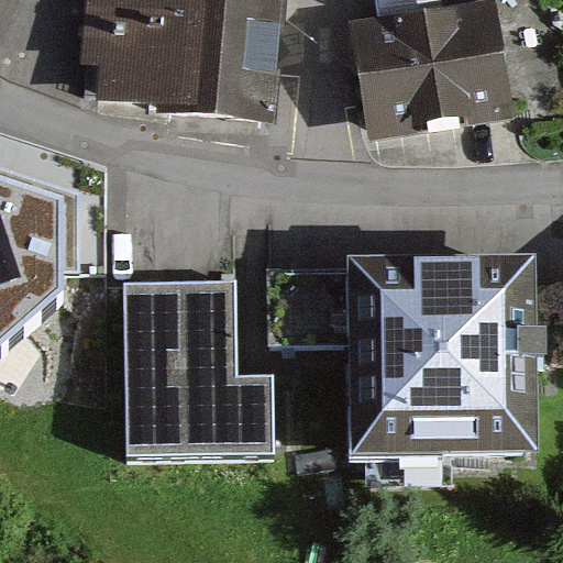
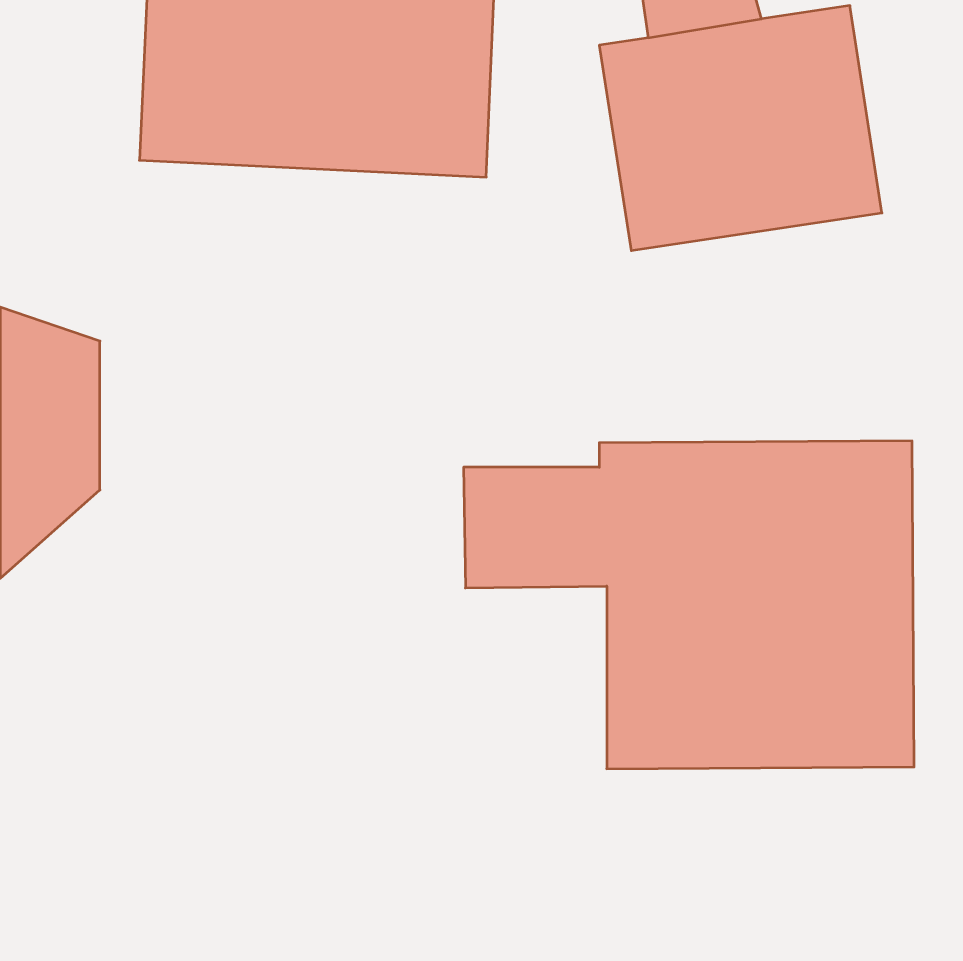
building: [125,284,272,453] -> none

